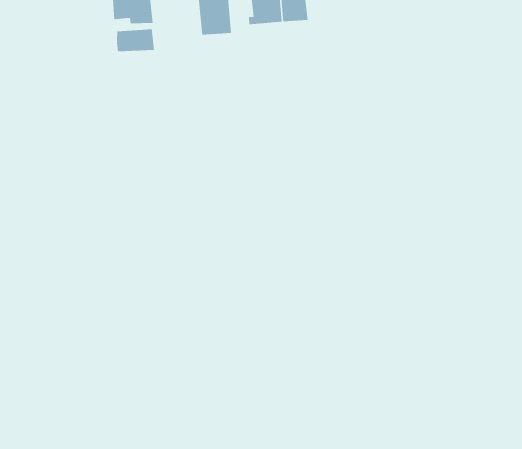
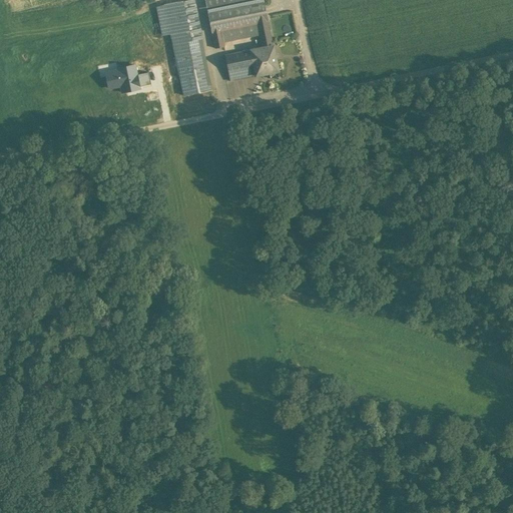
building: [117,29,155,52] -> none

